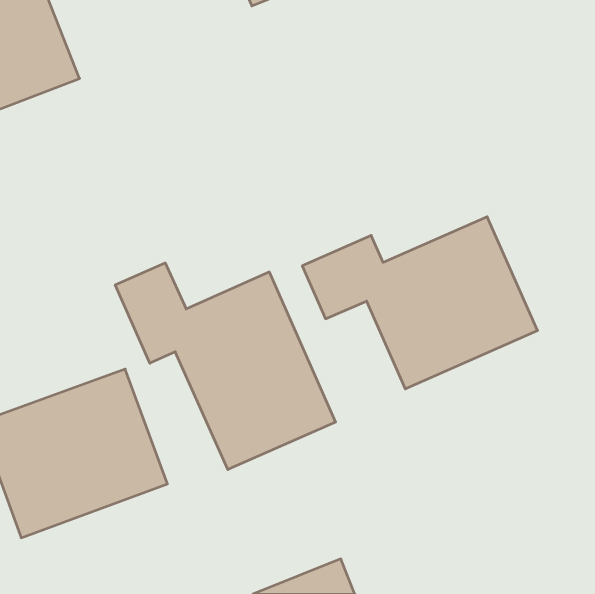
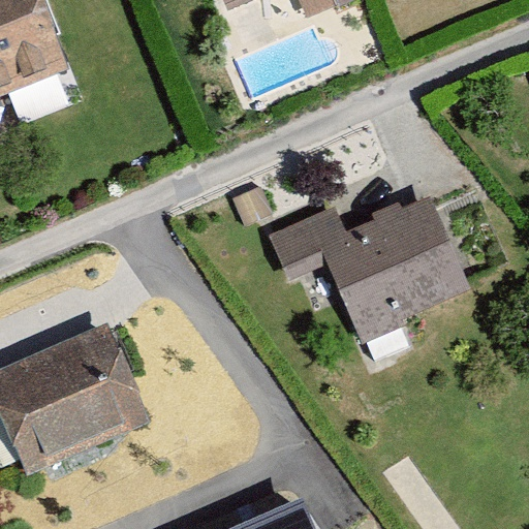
building: [115,263,336,470] -> none

